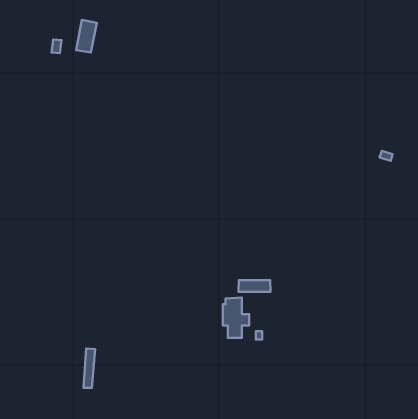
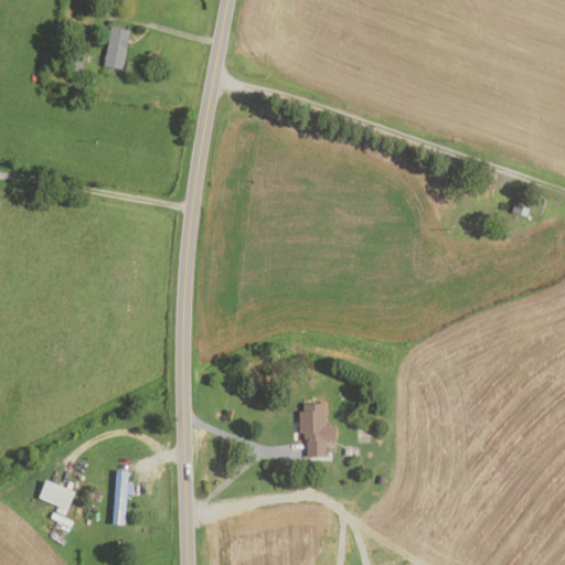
building: [239,280,271,292] -> none
building: none -> [39,479,75,509]

